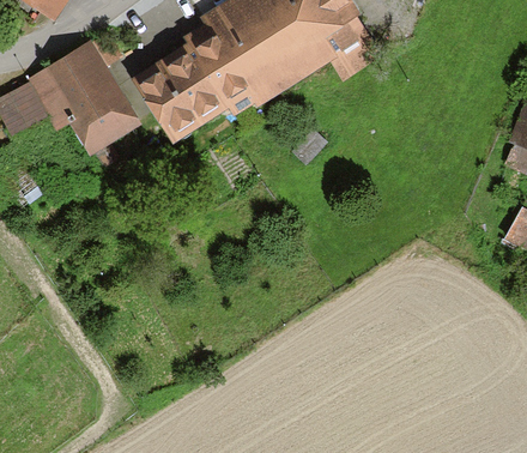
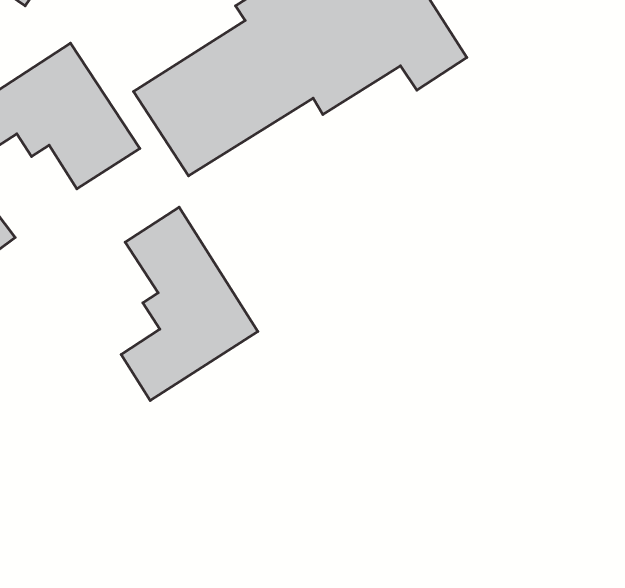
building: none -> [121,207,258,401]

